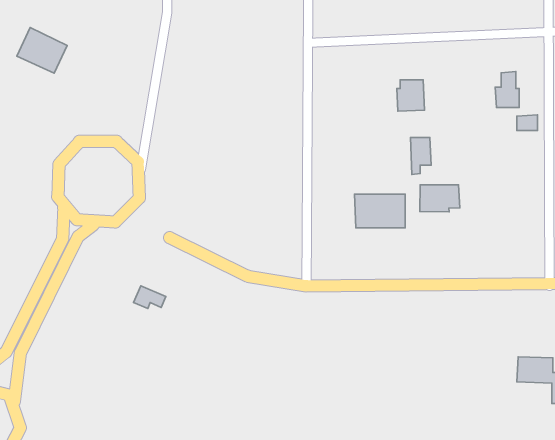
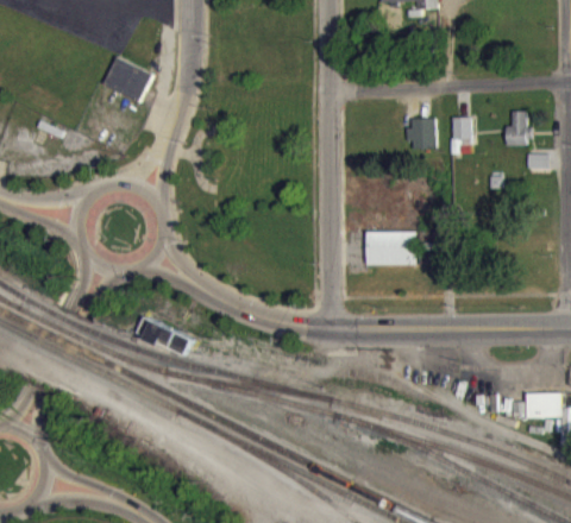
building: [17,27,67,73] -> [101,55,151,100]
building: [411,137,431,175] -> [450,116,470,153]
building: [420,185,460,212] -> none

